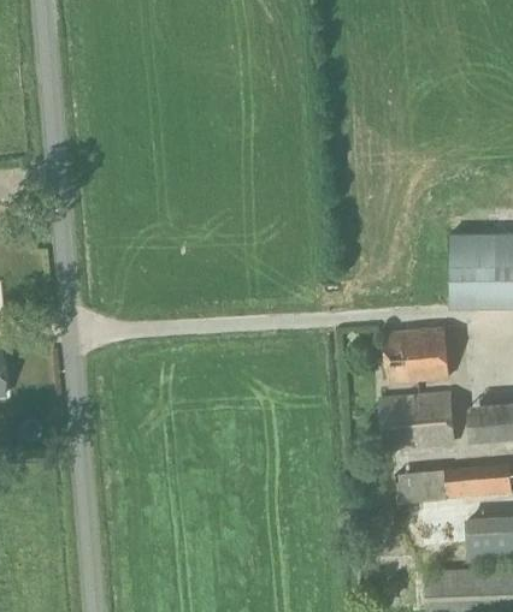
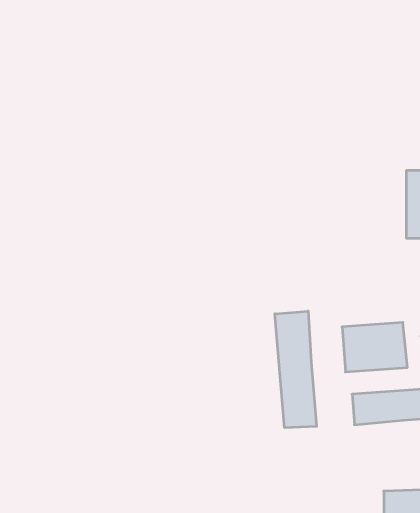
building: [385,331,449,385] -> none
building: none -> [275,311,317,428]

